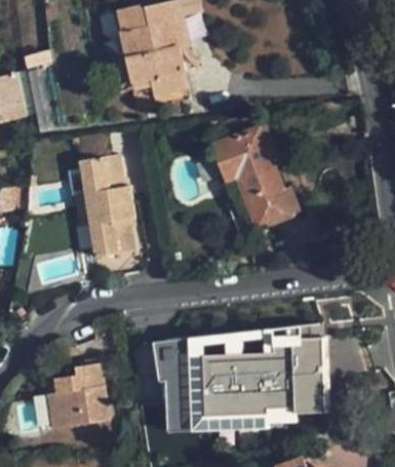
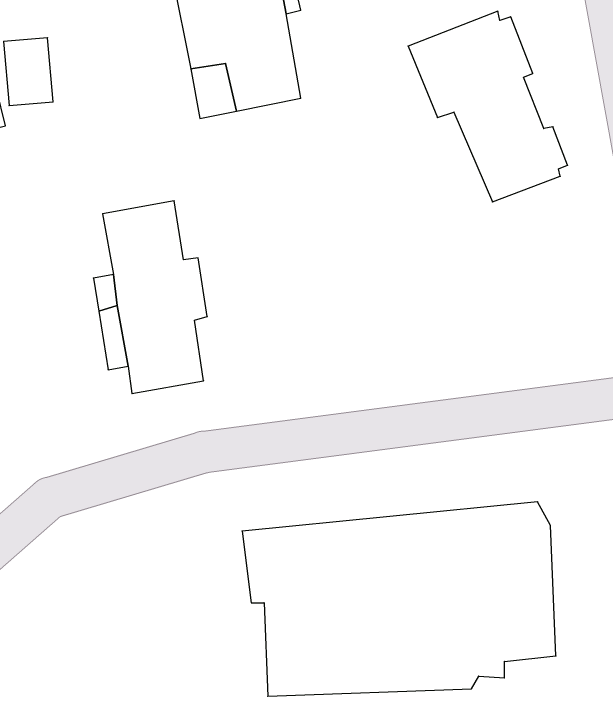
building: [210,123,300,230] -> [408,11,568,202]
building: [52,357,115,430] -> none

